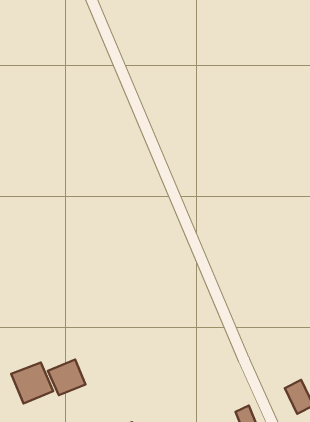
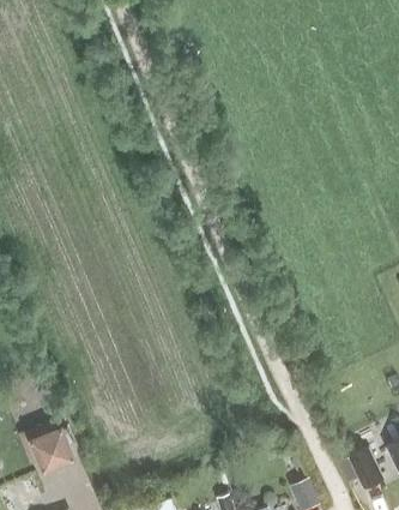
building: [48,360,85,395] -> none

